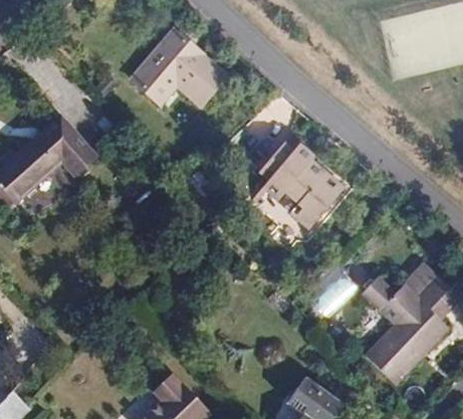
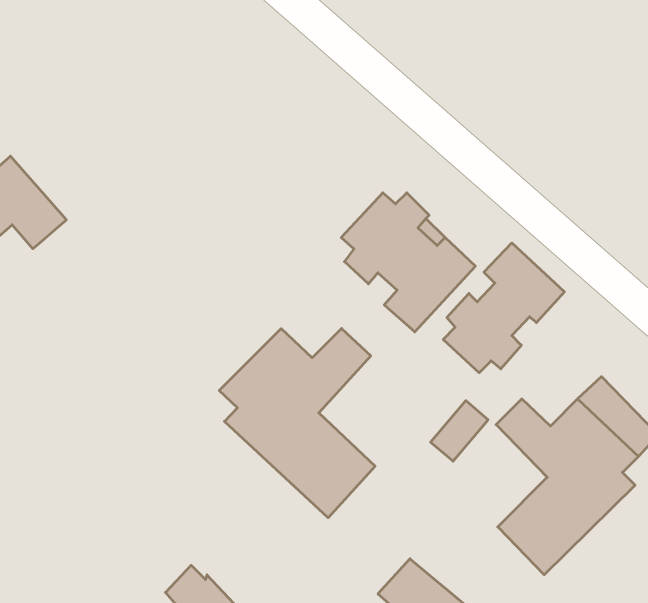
building: [134,36,231,113] -> none
building: none -> [443,243,564,373]
building: none -> [219,328,375,518]

